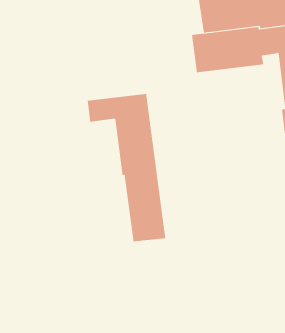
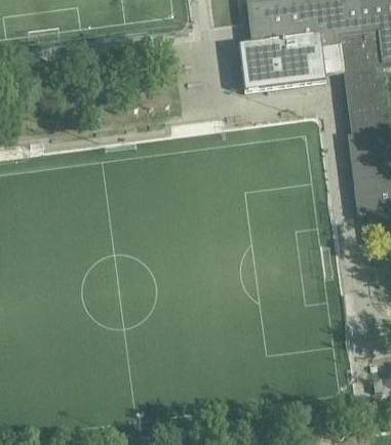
building: [87,93,166,242] -> none

